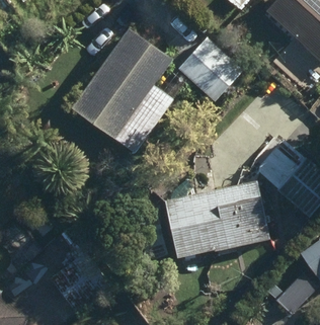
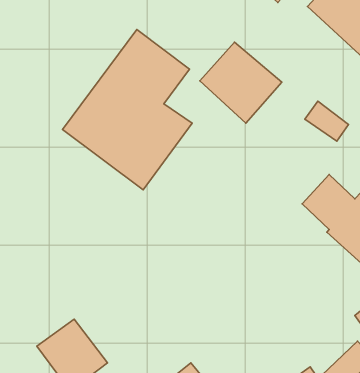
building: [164,182,268,258] -> none

